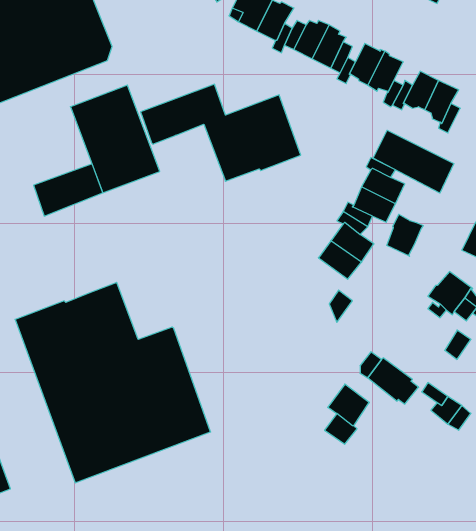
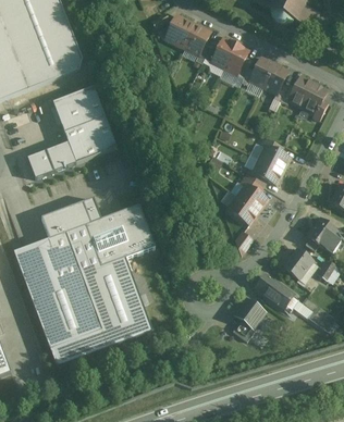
building: [141,84,301,181] -> [40,197,153,265]
building: [373,130,454,193] -> none
building: [387,214,423,256] -> none
building: none -> [282,247,312,278]

